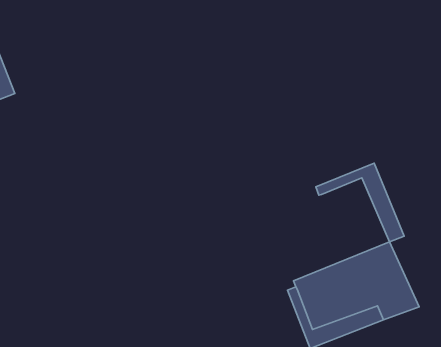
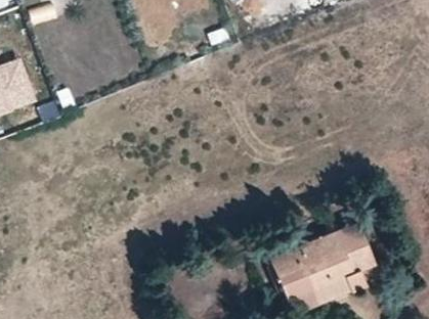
building: [316,163,404,242] -> none

